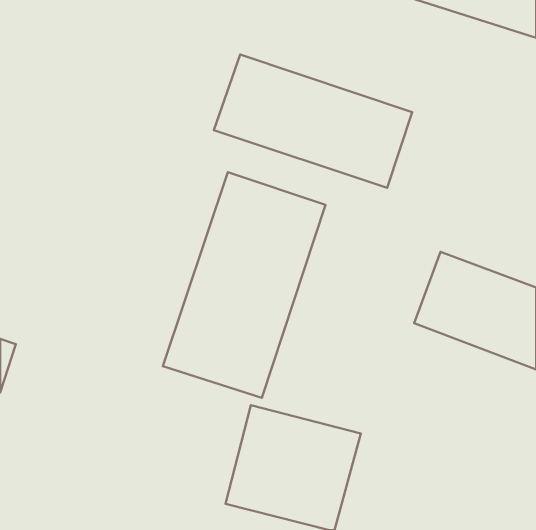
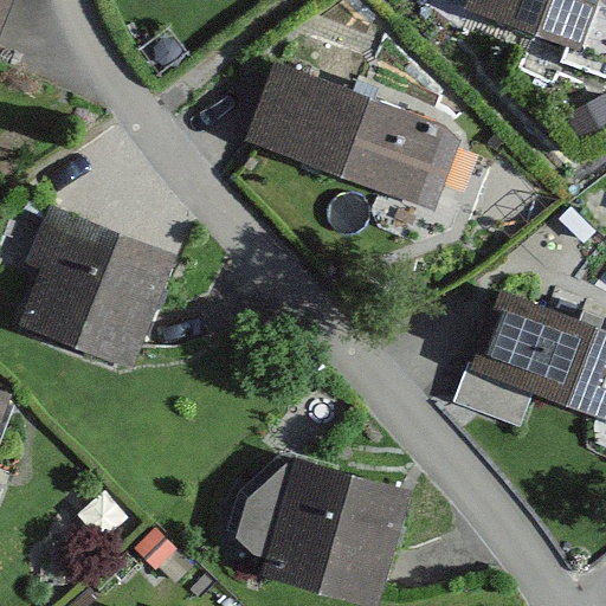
building: [163,172,326,398] -> none
building: none -> [13,217,172,372]

